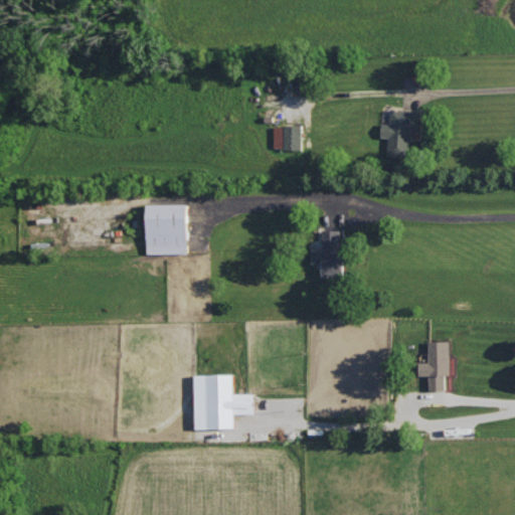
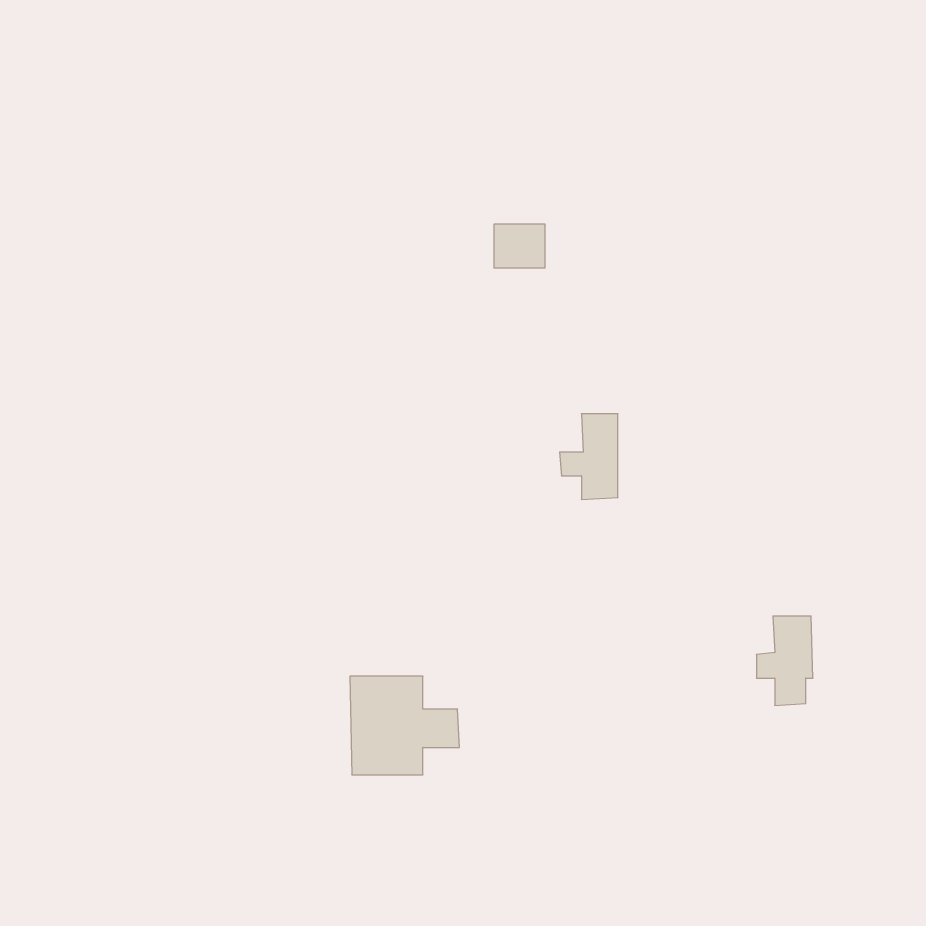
building: [379,111,417,159] -> none
building: [146,205,186,255] -> none

